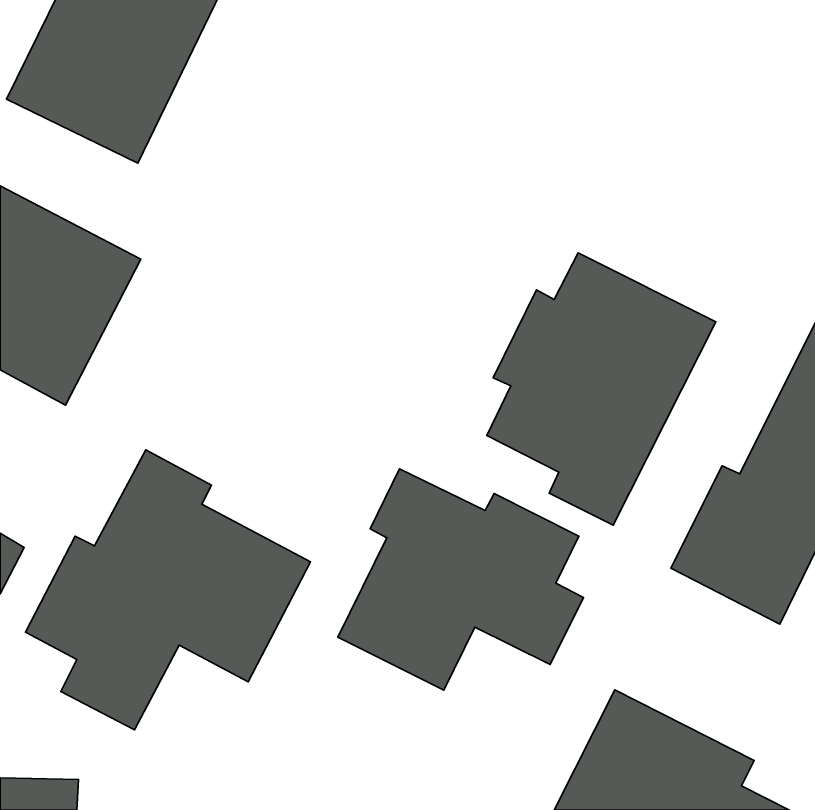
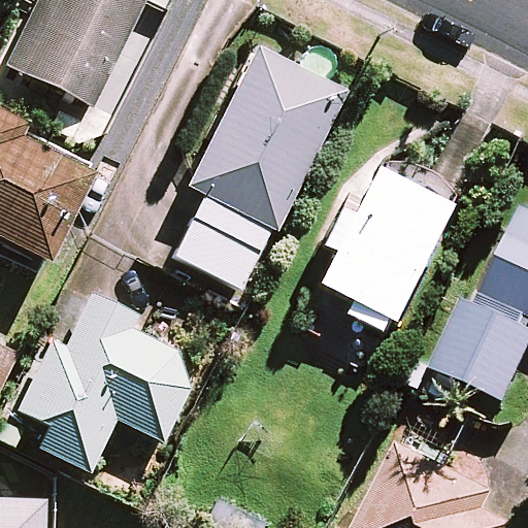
building: none -> [175,46,345,287]
building: [338,469,584,690] -> none

